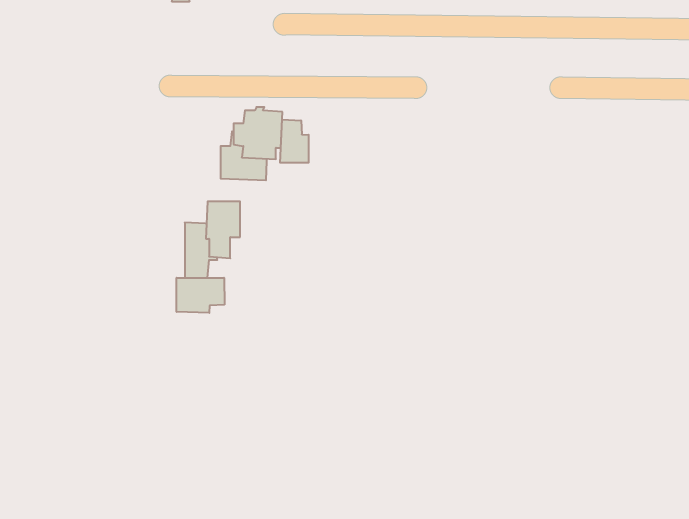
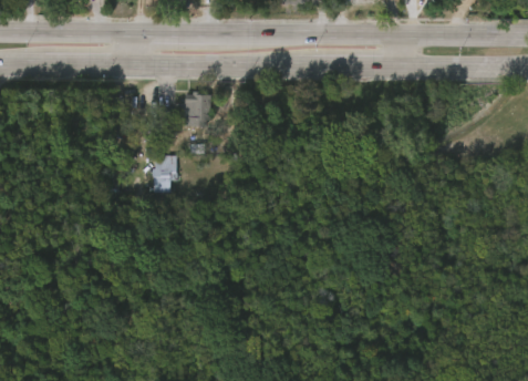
building: [280,120,309,163] -> none
building: [177,278,224,313] -> none

